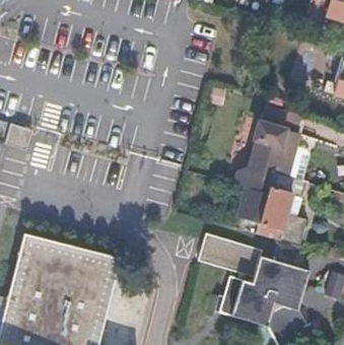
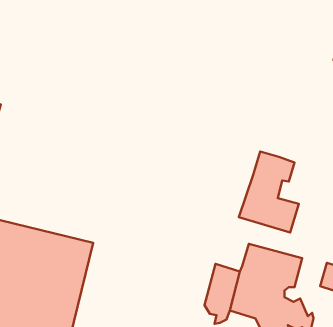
building: [231,125,300,232] -> none
building: [200,233,264,277] -> none

